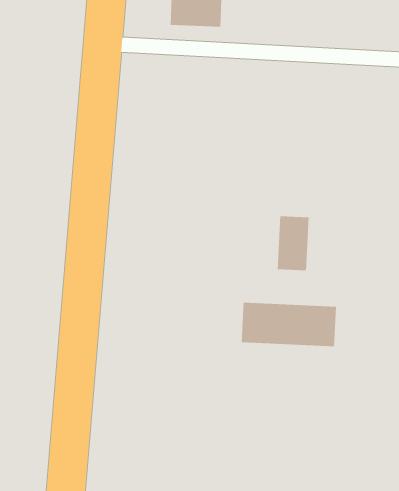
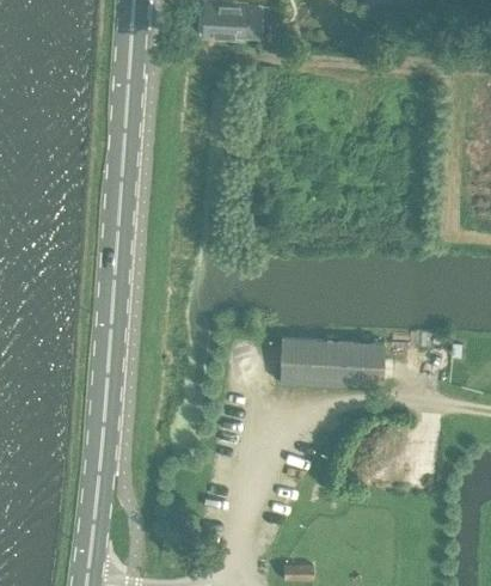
building: [277,215,309,271] -> none

